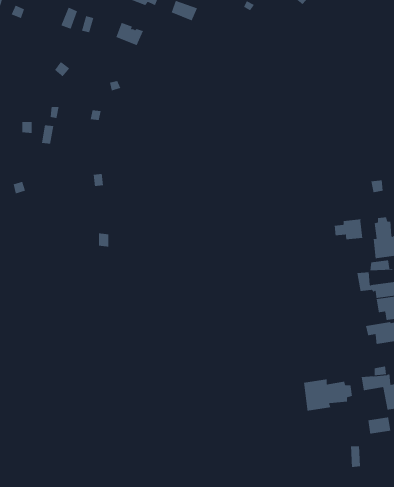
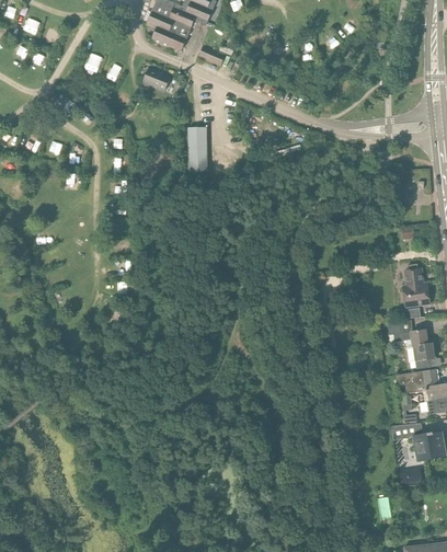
building: none -> [187,127,206,171]
building: [334,219,363,240] -> none
building: [304,378,353,411] -> none

